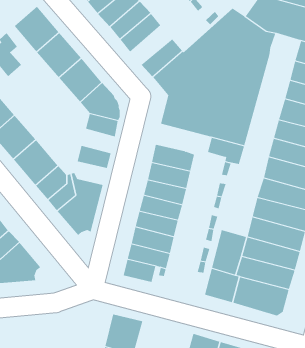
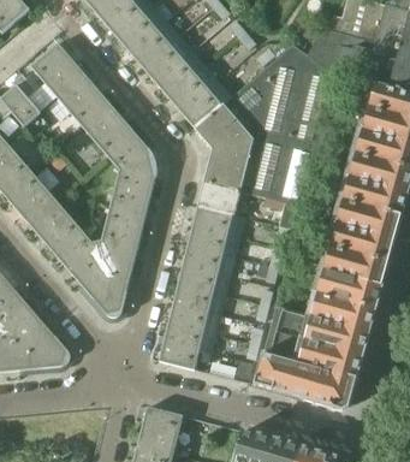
building: none -> [167,64,218,111]
building: none -> [197,180,239,213]
building: none -> [109,186,150,215]
building: none -> [102,225,141,253]

